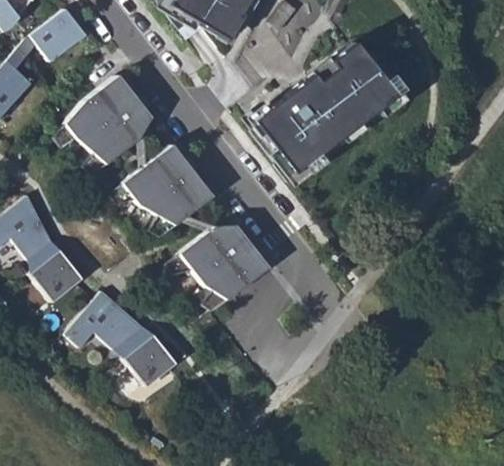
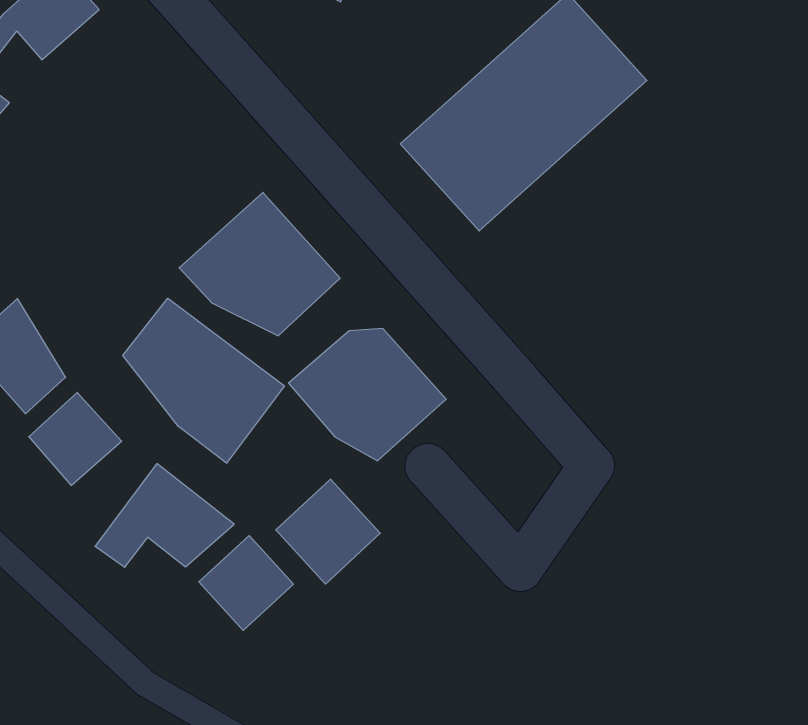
building: [67,75,152,164] -> none
building: none -> [123,298,284,463]
building: none -> [276,479,380,584]

